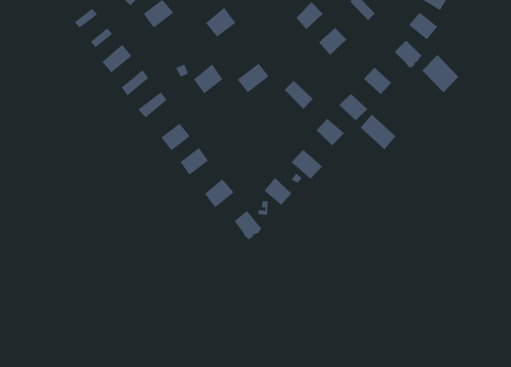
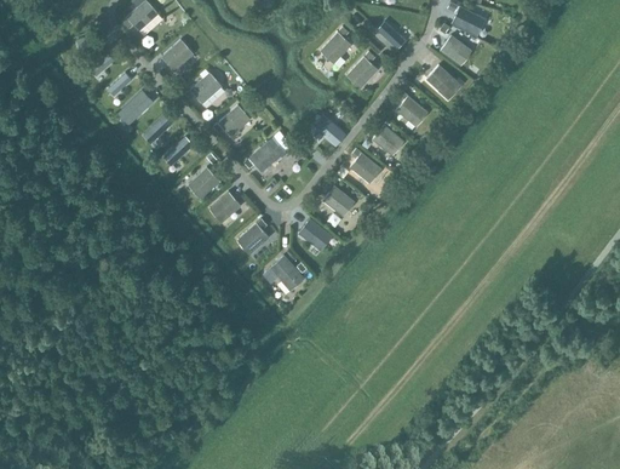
building: [205,7,236,38] -> [189,72,222,104]
building: [422,54,459,93] -> none
building: [237,63,270,93] -> [249,139,283,172]
building: [360,114,396,150] -> none

